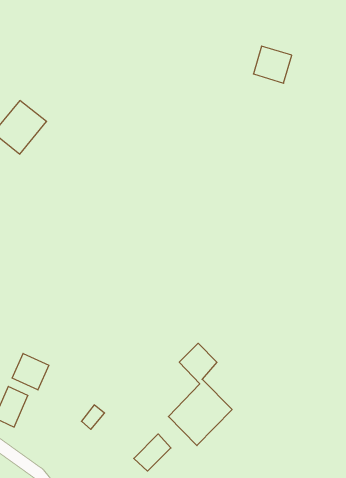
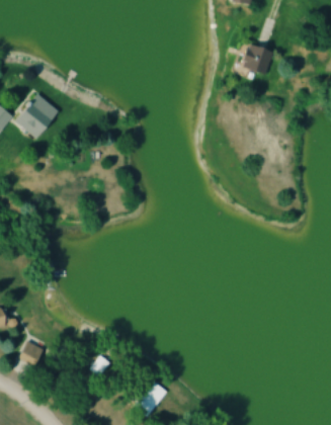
building: [168,343,232,446] -> none
building: [12,353,49,390] -> none

